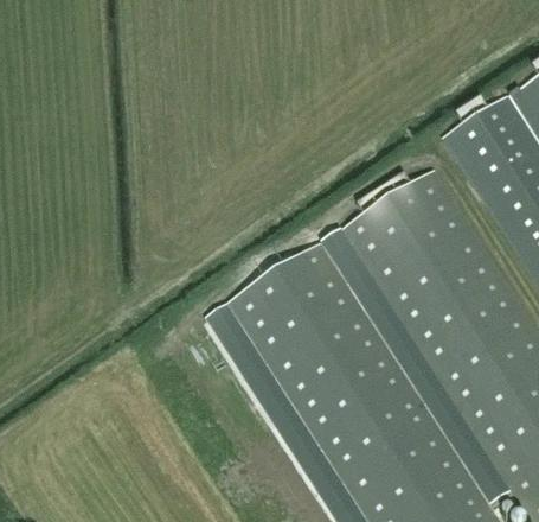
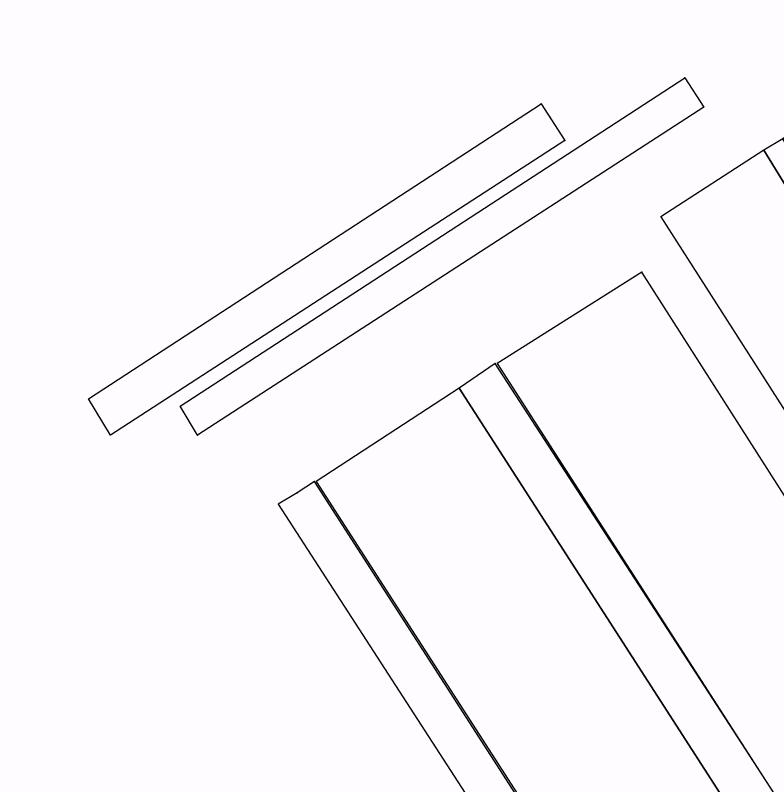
building: none -> [180,78,704,435]
building: none -> [89,104,565,435]

